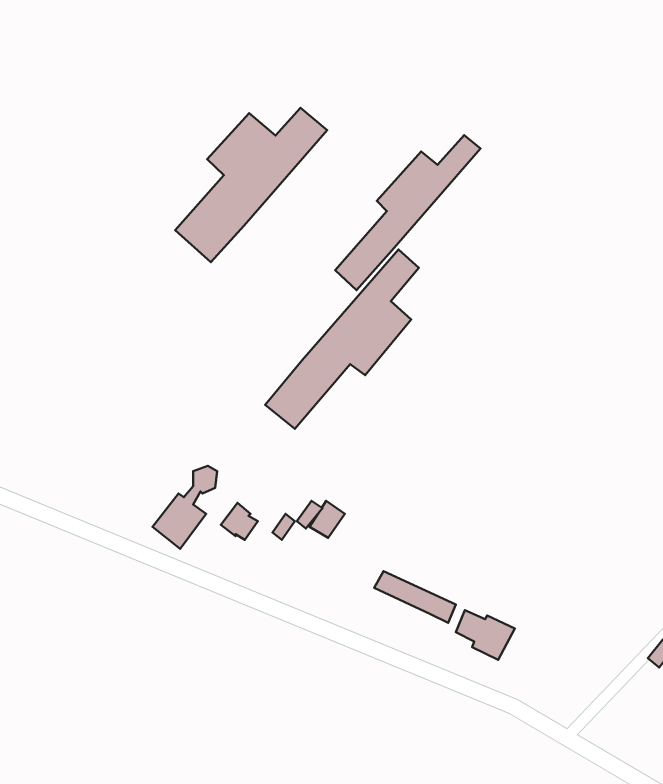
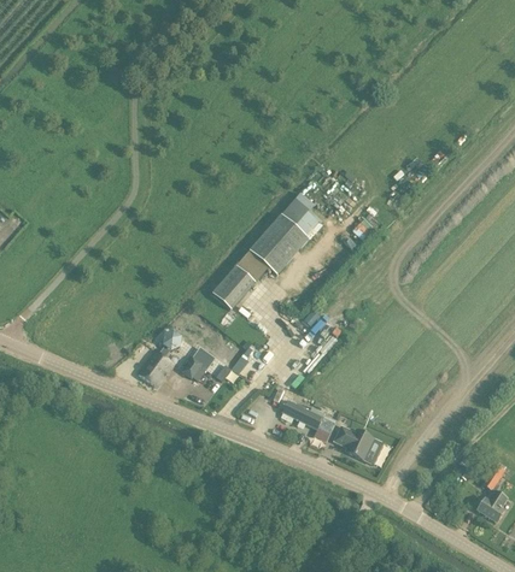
building: [175,108,327,262] -> none
building: [335,135,480,290] -> none

